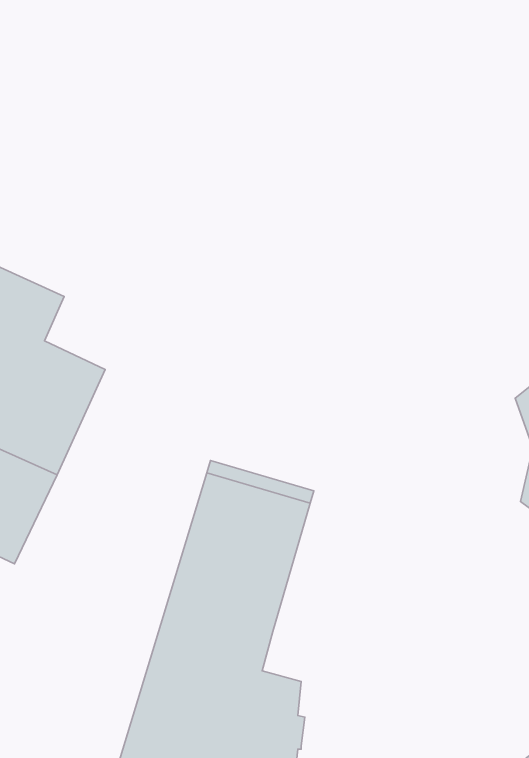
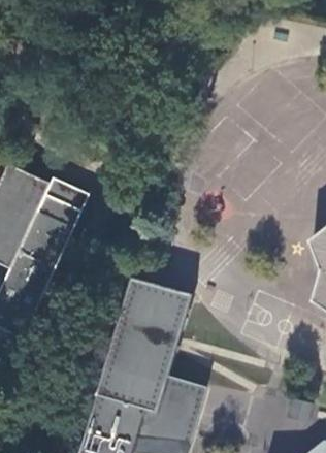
building: none -> [37,177,87,225]
building: none -> [163,377,208,444]

